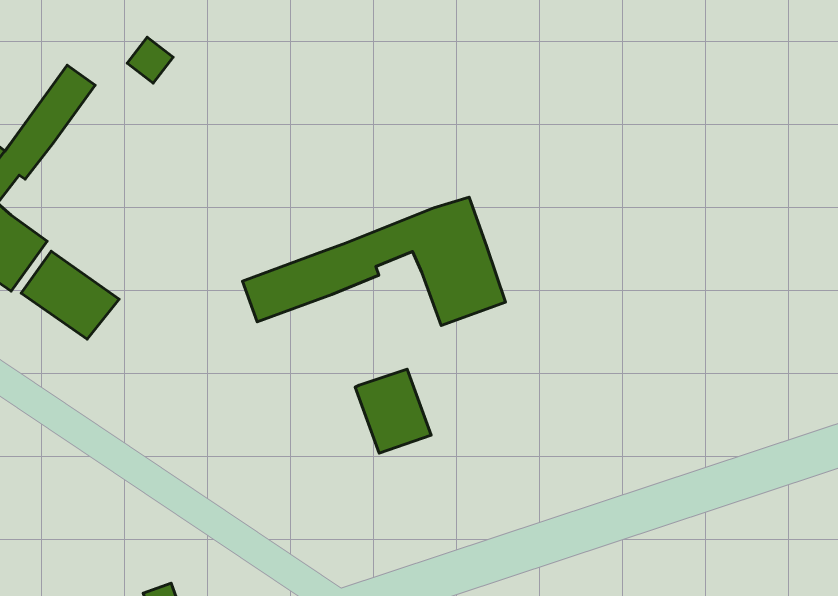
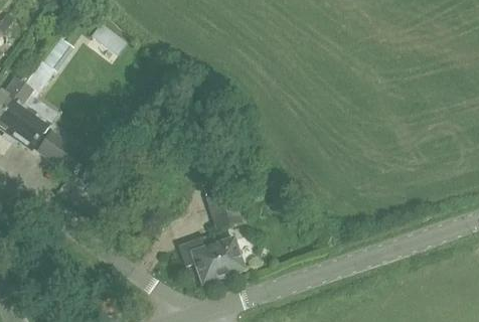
building: [243,197,505,325] -> none
building: none -> [177,235,245,281]

